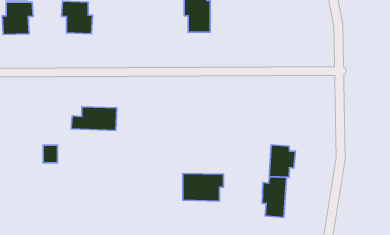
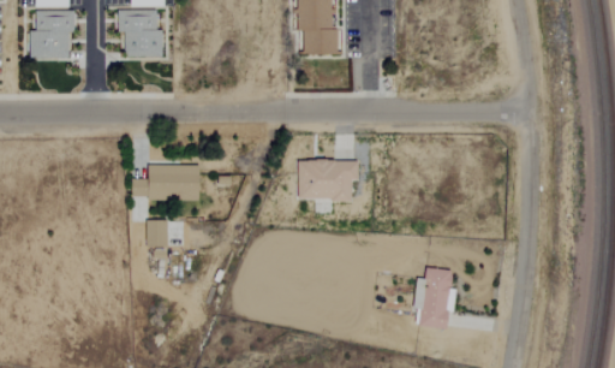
building: [269,145,295,177] -> none
building: [43,145,58,163] -> [147,220,168,247]
building: [183,173,223,201] -> [298,159,358,200]

